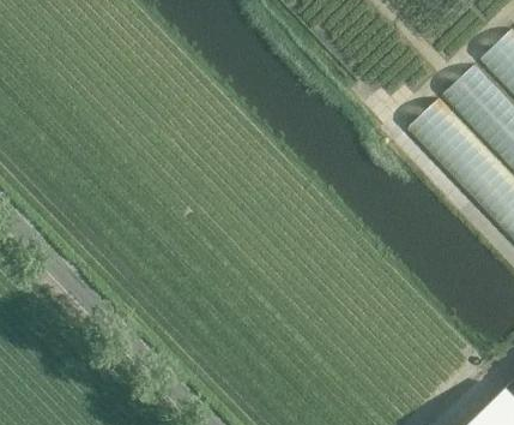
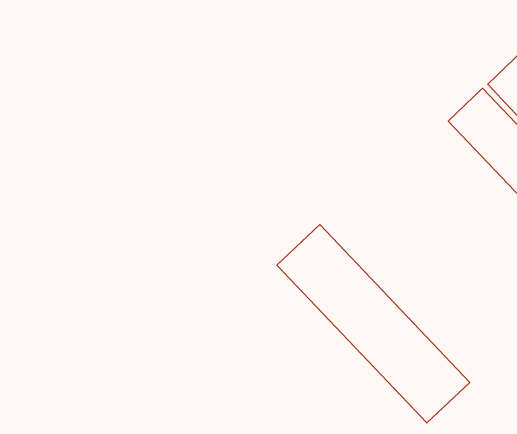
building: none -> [277,225,470,423]

